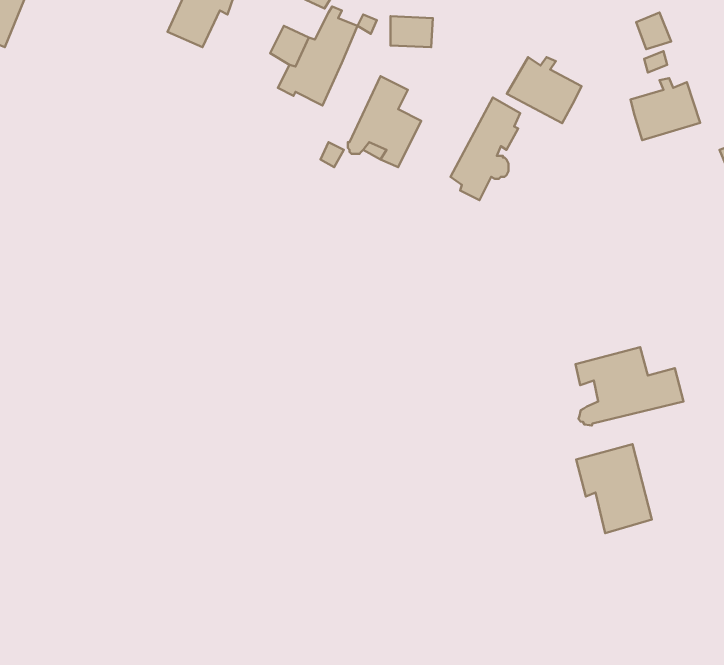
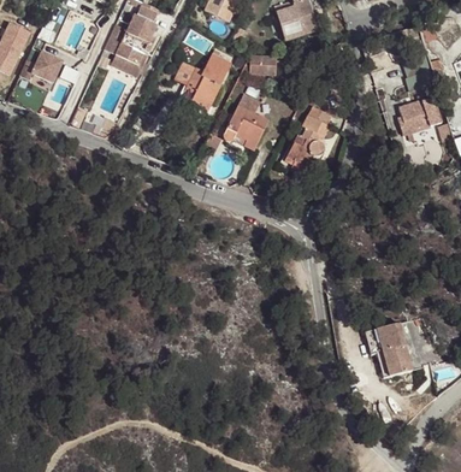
building: none -> [19,52,61,82]
building: [507,57,581,123] -> none
building: [576,347,683,426] -> none

